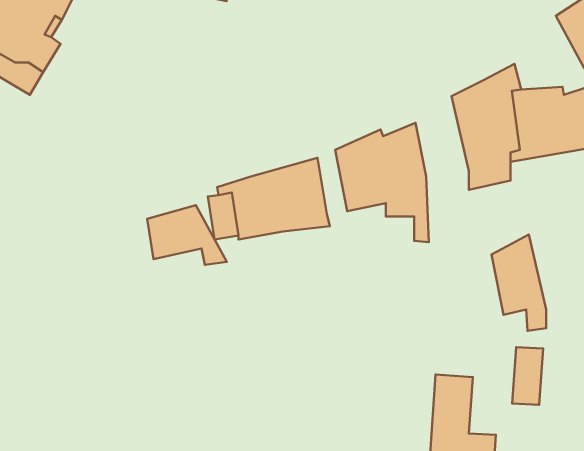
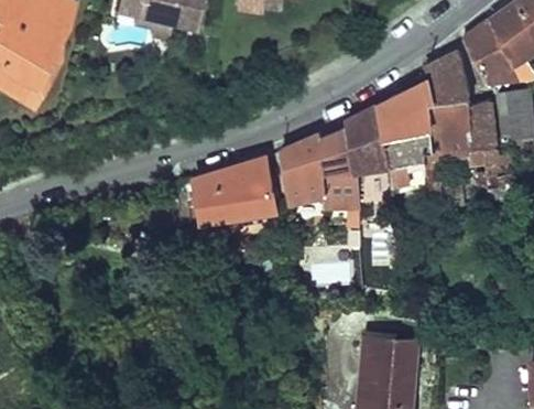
building: none -> [426,53,470,101]
building: [147,205,227,265] -> none
building: [491,234,546,331] -> [348,107,393,186]
building: [512,347,543,405] -> [393,338,418,386]

